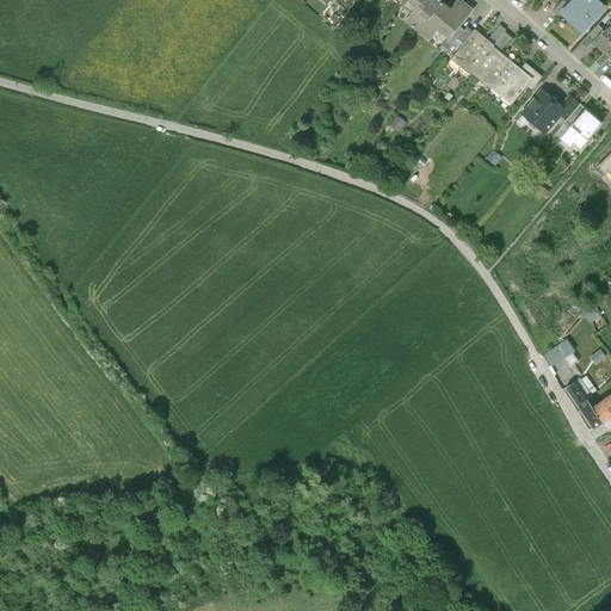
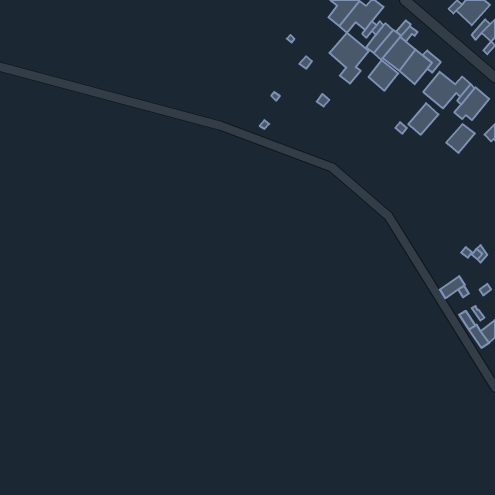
building: none -> [329,33,369,84]
building: none -> [369,60,398,91]
building: none -> [408,103,439,135]
building: none -> [446,124,475,153]

